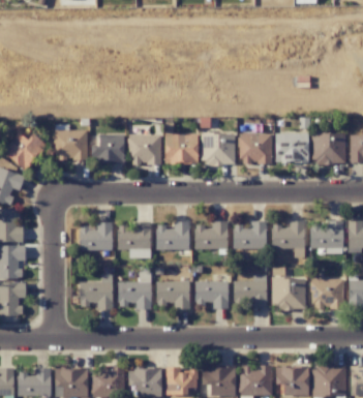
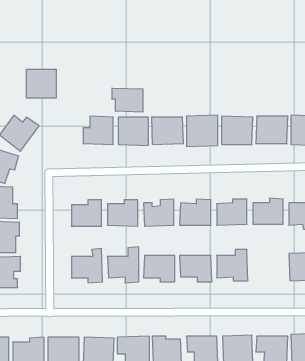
building: none -> [112,88,143,112]
building: [55,130,87,160] -> [26,69,56,98]
building: [272,278,305,310] -> none

